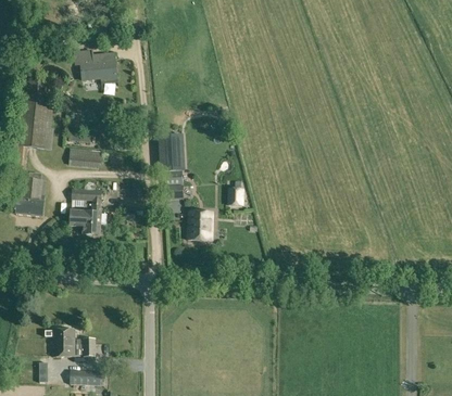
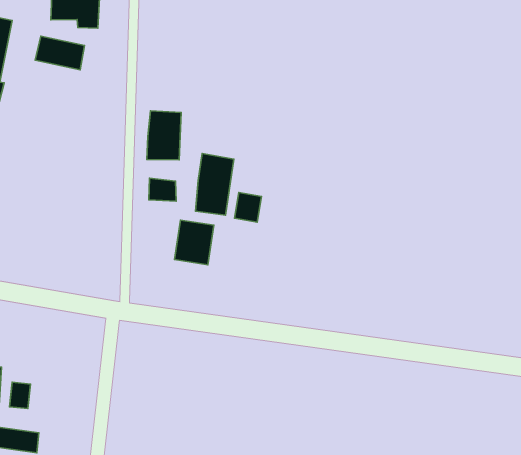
building: [68,146,102,167] -> [35,36,84,70]
building: none -> [195,153,234,215]
building: [70,189,101,233] -> none

